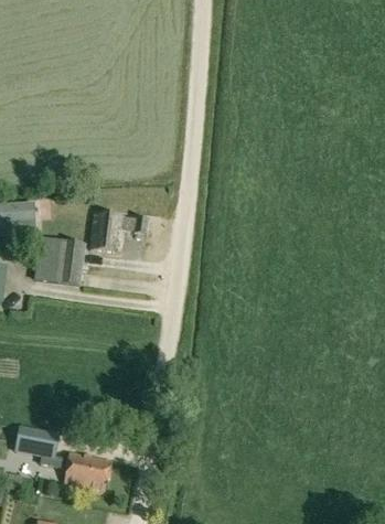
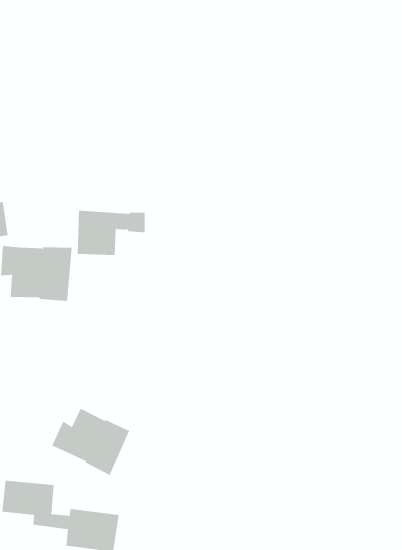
building: none -> [51,408,130,476]

